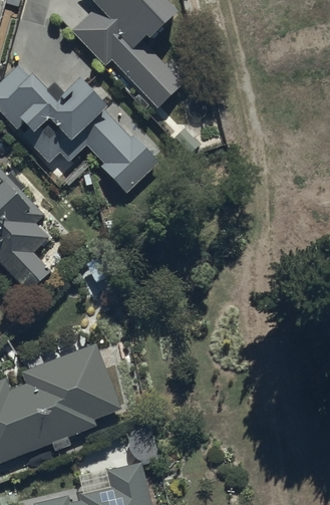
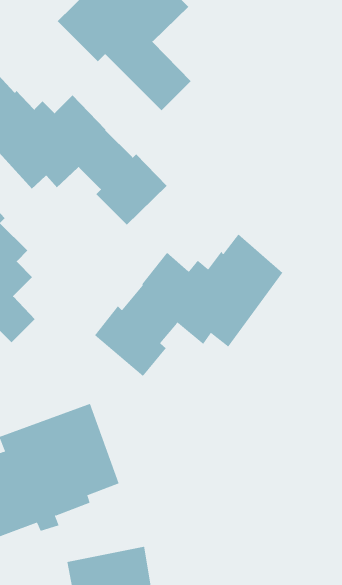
building: none -> [94,233,283,377]

